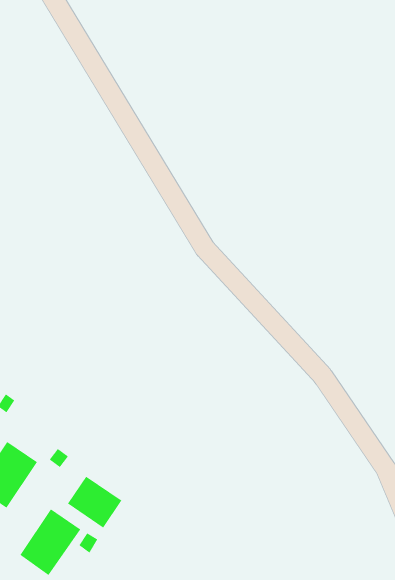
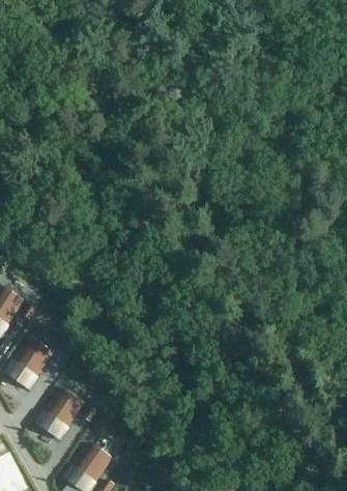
building: [67,476,122,528] -> none

